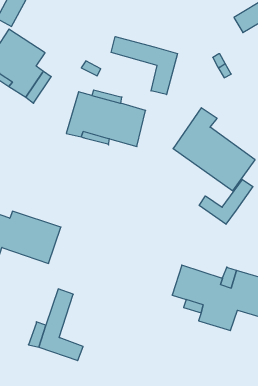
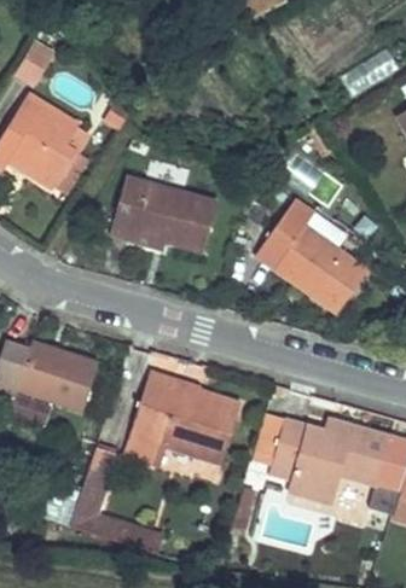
building: [111,37,177,95] -> none
building: [199,179,253,224] -> none
building: none -> [126,372,242,464]

